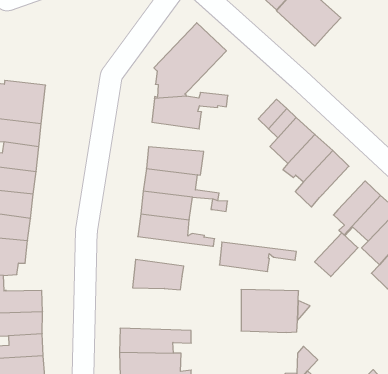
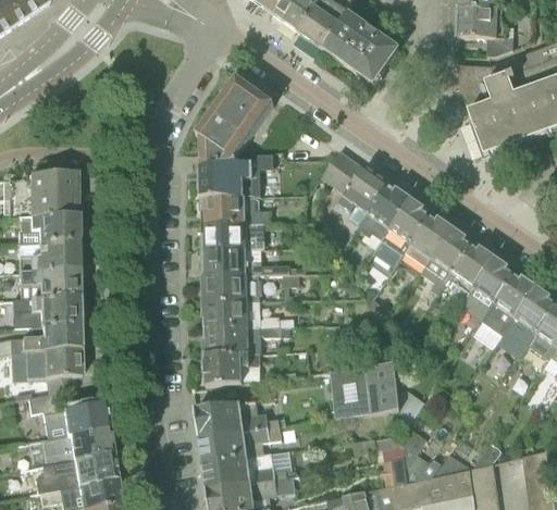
building: none -> [202,196,269,224]
building: [315,233,358,277] -> [406,214,453,265]
building: [219,242,296,272] -> [205,326,290,353]
building: none -> [195,400,286,434]

